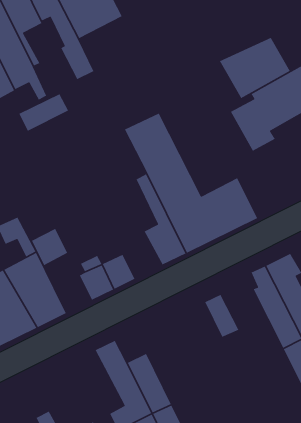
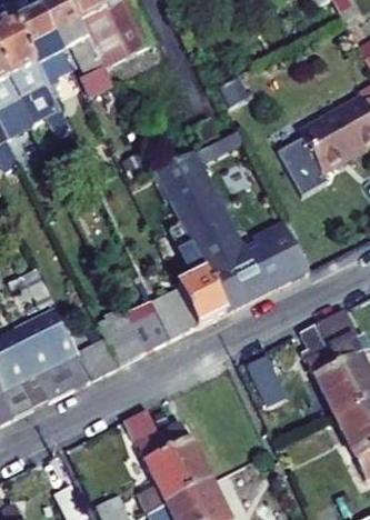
building: [219,37,291,99] -> none
building: [18,93,69,132] -> none
building: [31,228,68,266] -> [76,334,118,378]
building: none -> [156,284,198,338]

